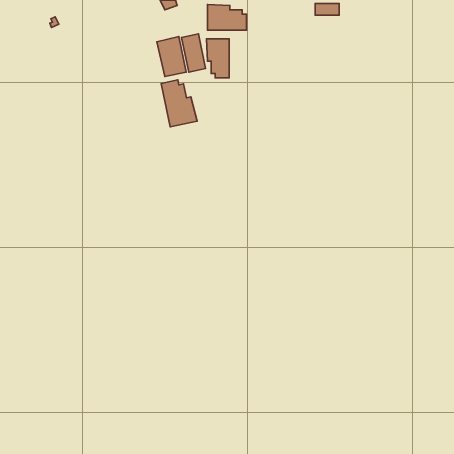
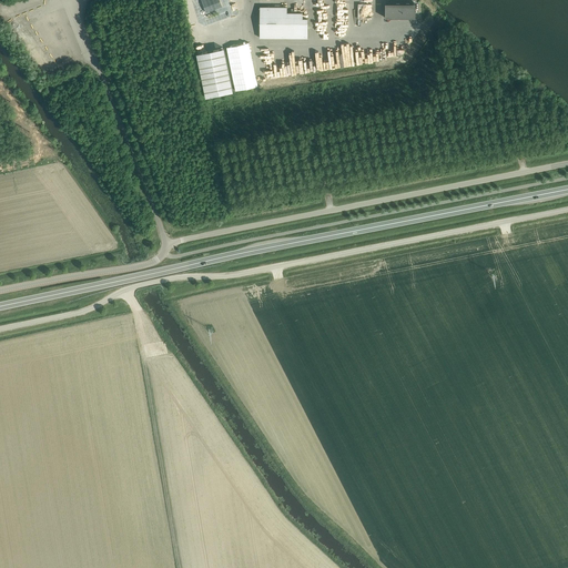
building: [207,39,229,78] -> none
building: [161,80,197,127] -> none

